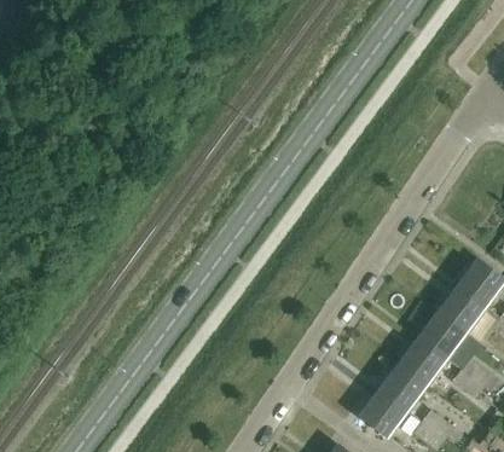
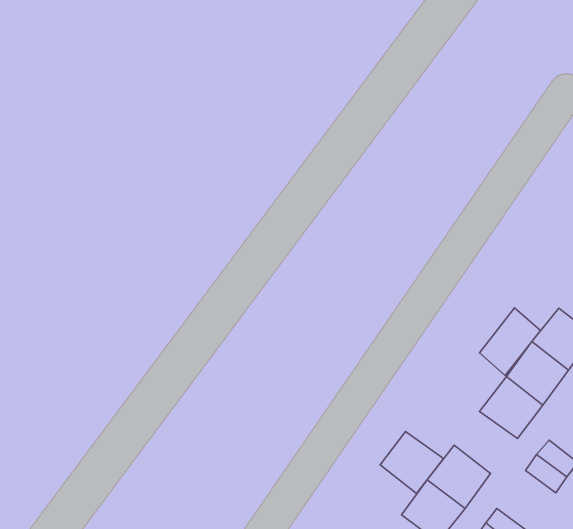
building: none -> [479,308,541,376]
building: [399,337,447,384] -> [380,431,444,493]

